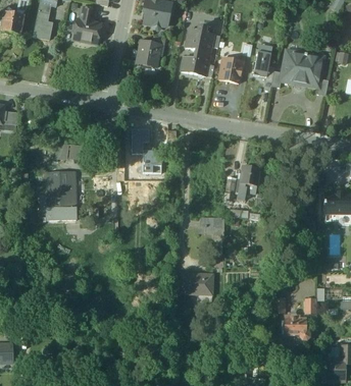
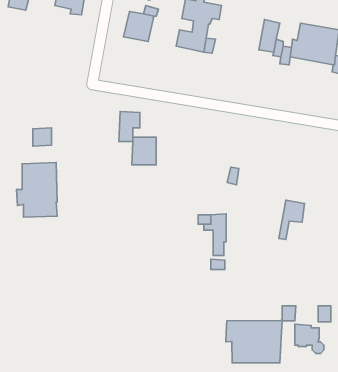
building: [219,58,243,84] -> none
building: [237,167,259,202] -> [279,200,304,240]
building: [182,274,213,294] -> none
building: none -> [226,321,282,363]

